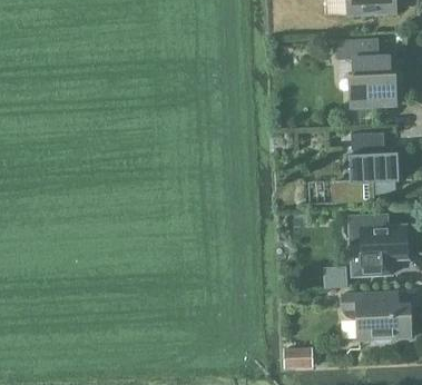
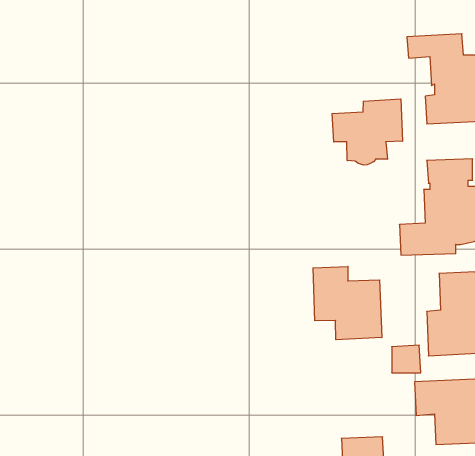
building: none -> [332,99,403,165]
building: none -> [313,266,382,340]

